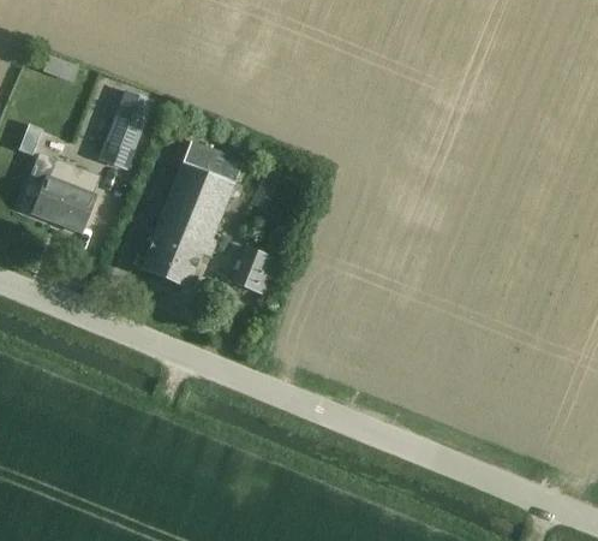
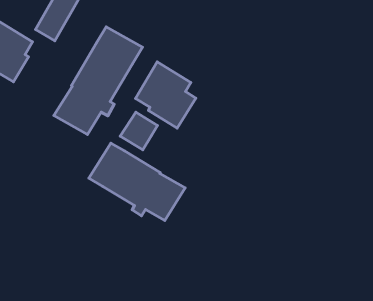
building: none -> [136,62,196,128]
building: none -> [89,143,185,221]

